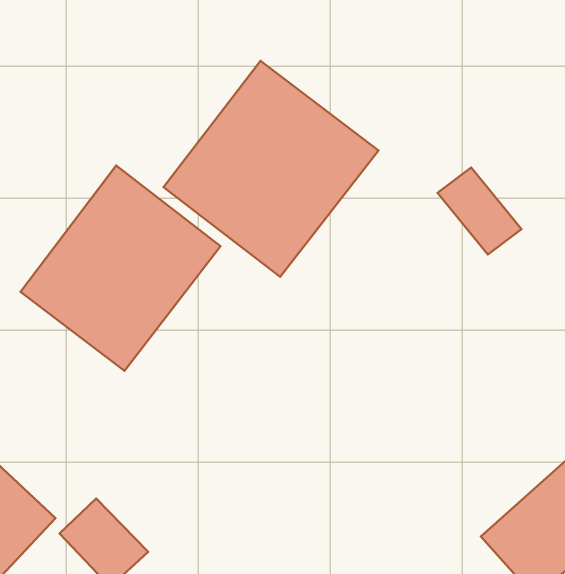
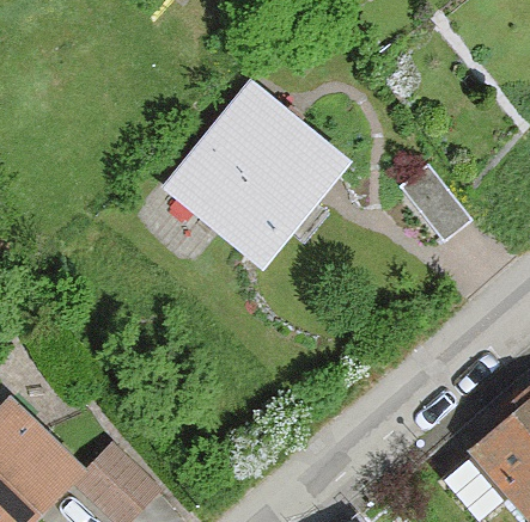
building: [20,166,220,371] -> none

